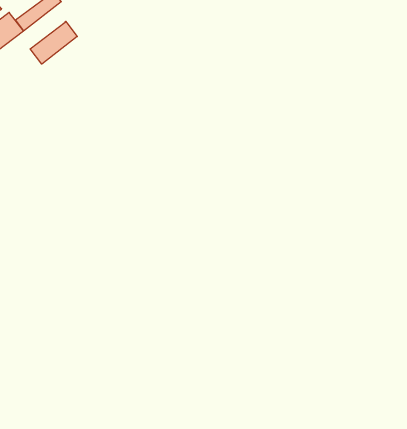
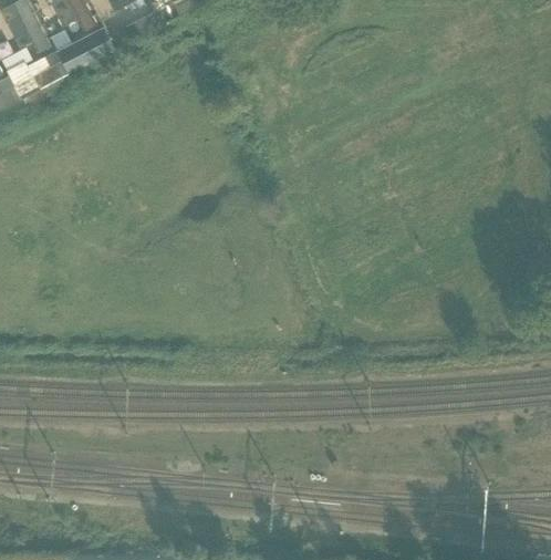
building: [30,21,77,64] -> none

